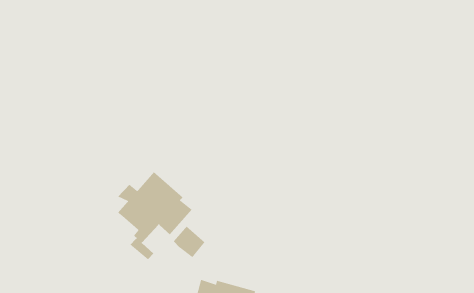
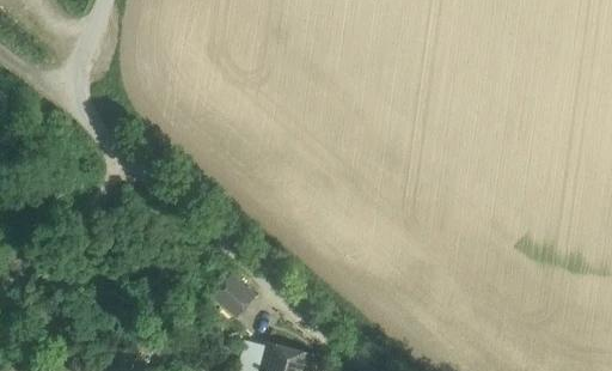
building: [117,171,193,260] -> none

